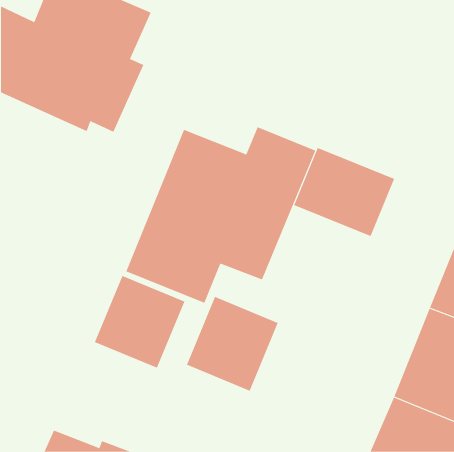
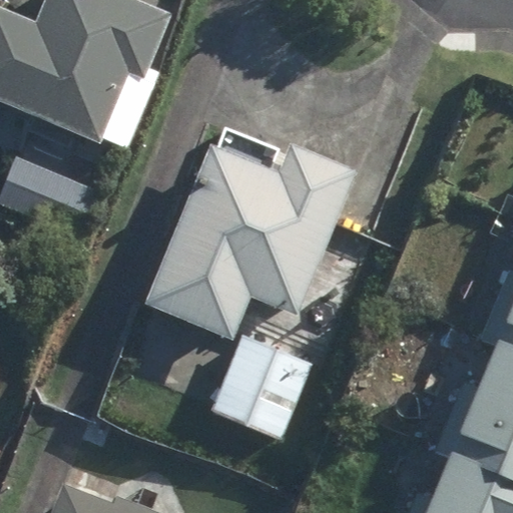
building: [294,147,395,237] -> none
building: [94,275,185,369] -> none

